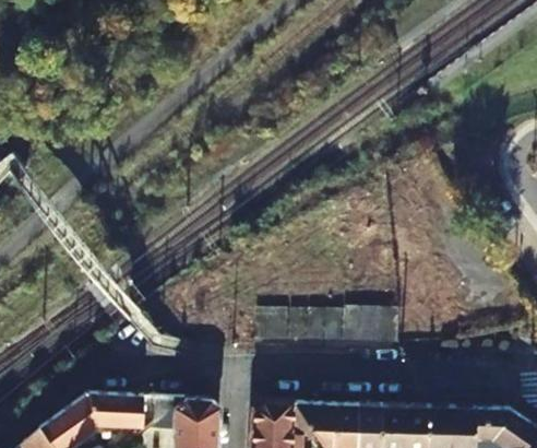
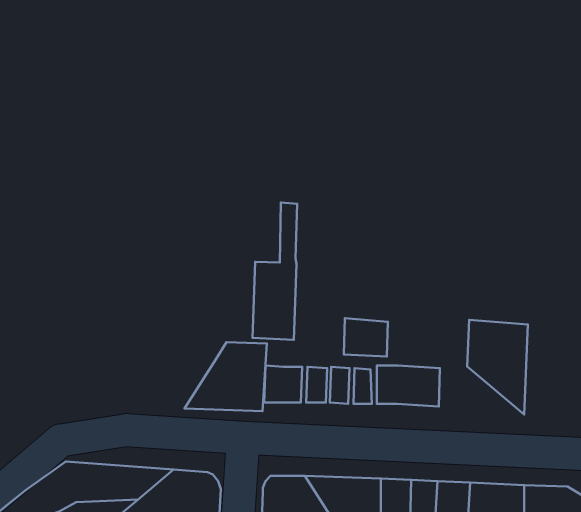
building: none -> [252,202,297,340]
building: none -> [344,318,388,356]
building: none -> [467,320,528,414]
building: none -> [185,342,267,411]

